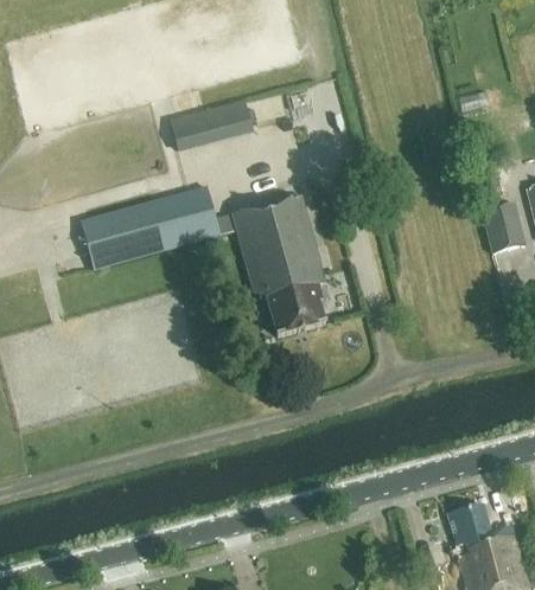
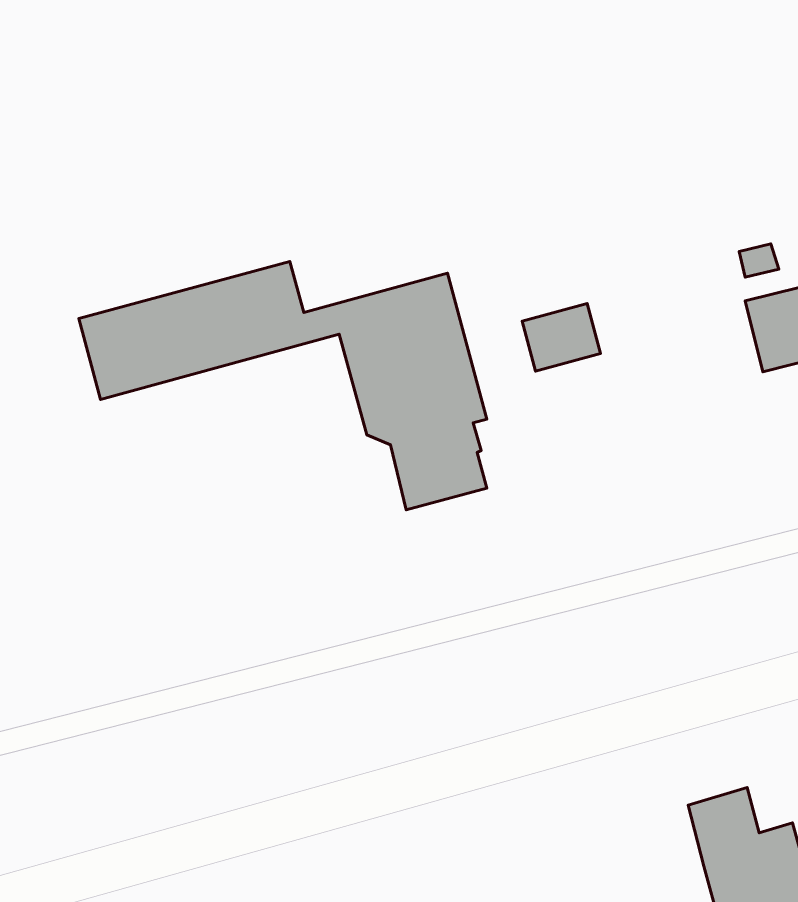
building: [170,97,254,152] -> none
building: none -> [522,304,600,371]

